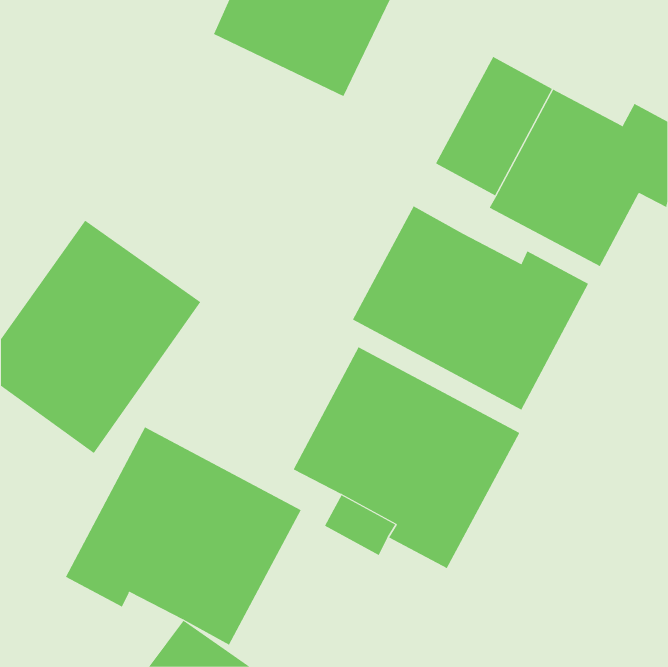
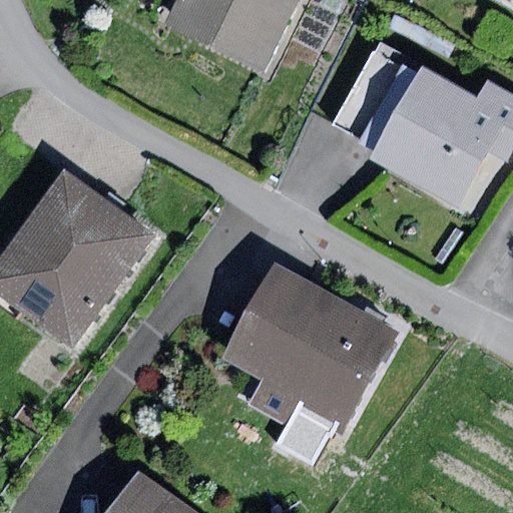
building: [352,206,589,411] -> none
building: [65,426,302,646] -> none

